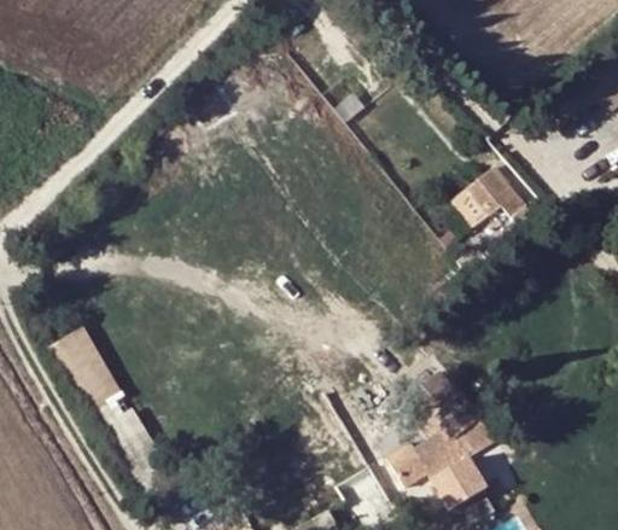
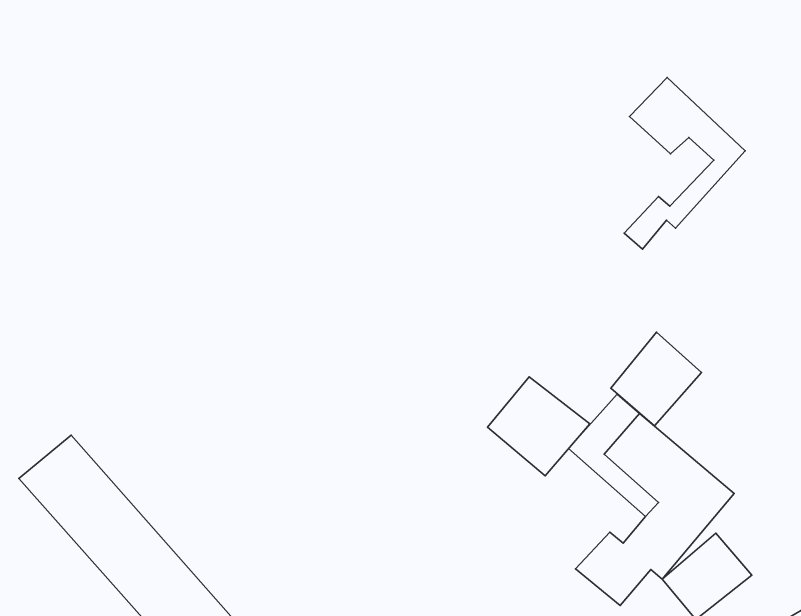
building: none -> [611,332,702,426]
building: none -> [487,377,590,476]

